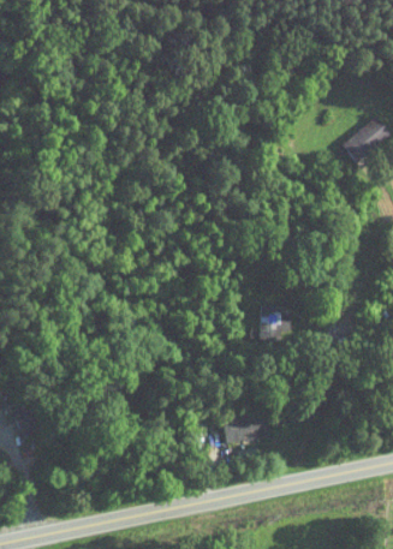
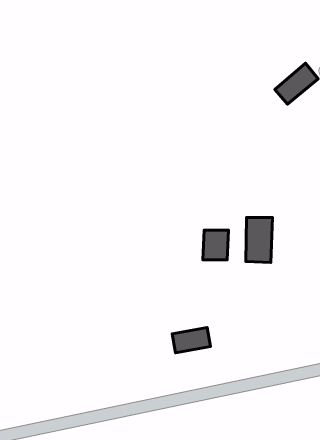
building: none -> [246,217,273,262]

